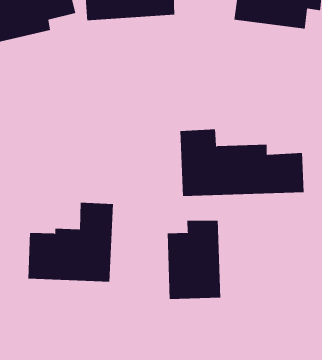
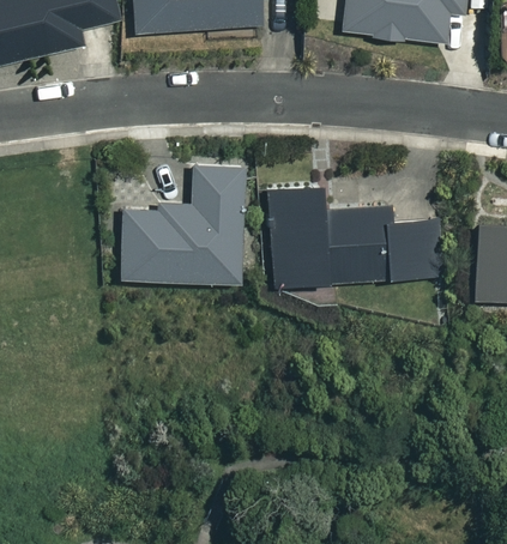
building: [27,202,114,282] -> [120,167,242,280]
building: [167,220,221,300] -> none

